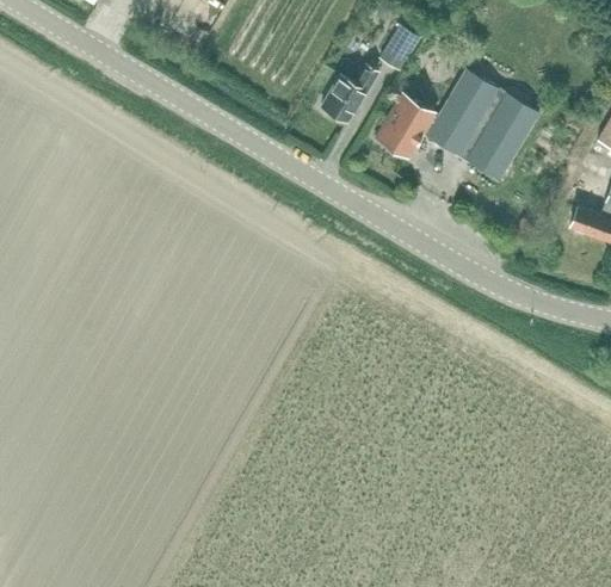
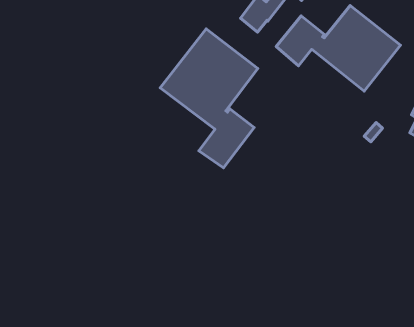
building: none -> [160,29,258,168]

